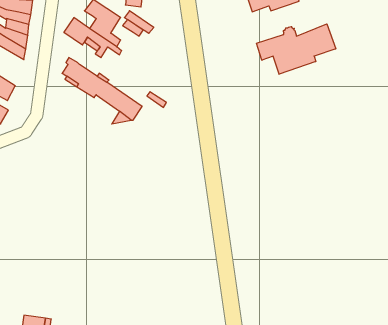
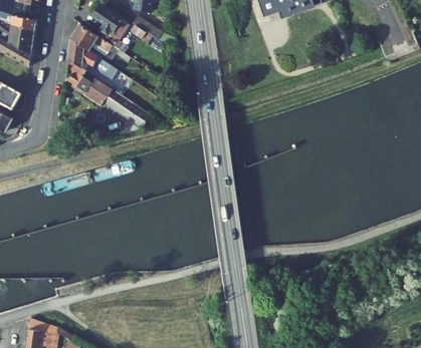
building: [257,24,336,74] -> none
building: none -> [66,38,132,88]

